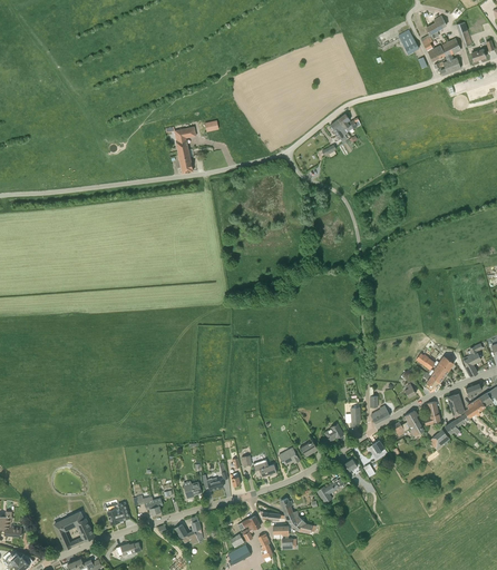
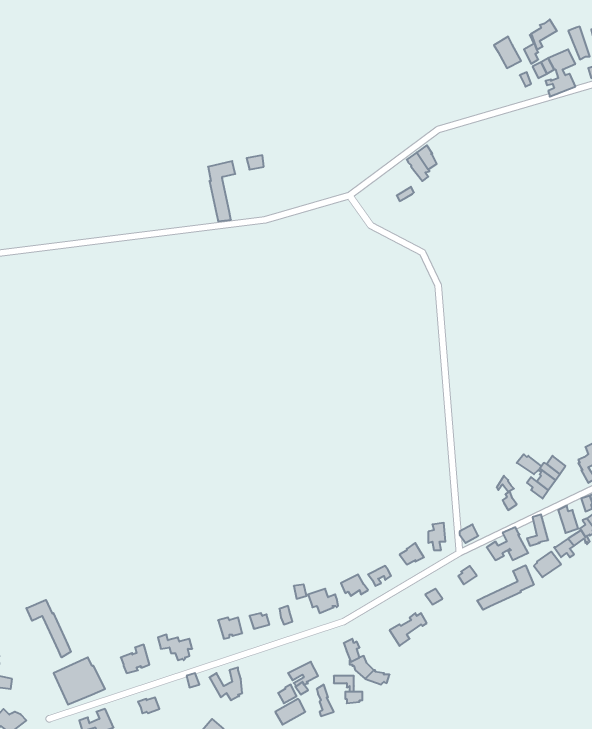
building: none -> [477,565,534,610]
building: none -> [26,600,71,657]

